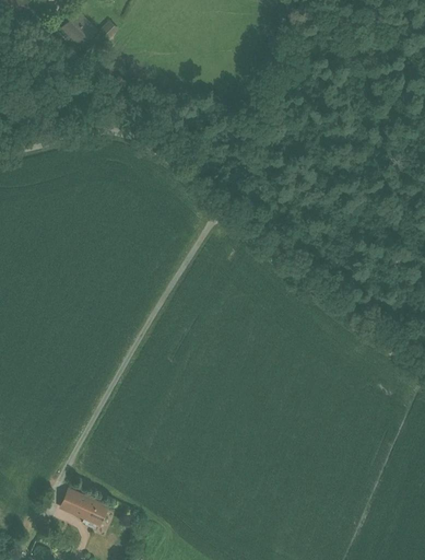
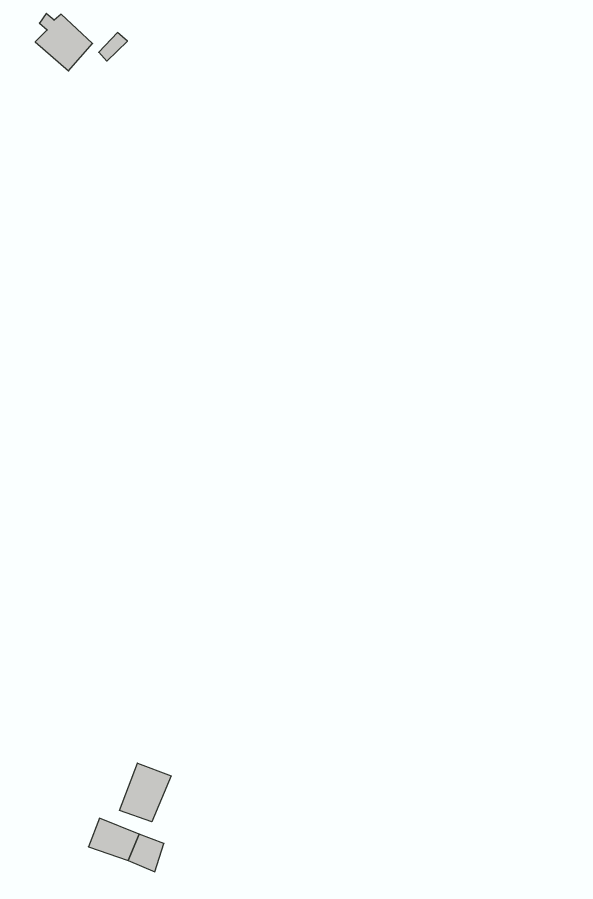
building: none -> [120,763,171,822]

